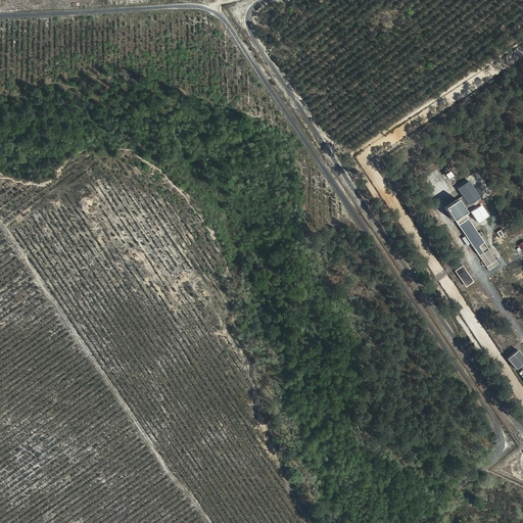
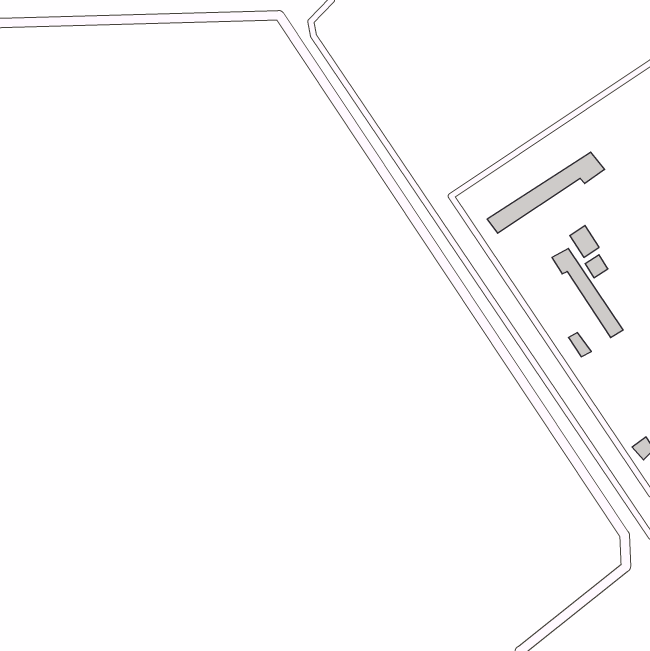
building: none -> [487,152,605,233]

